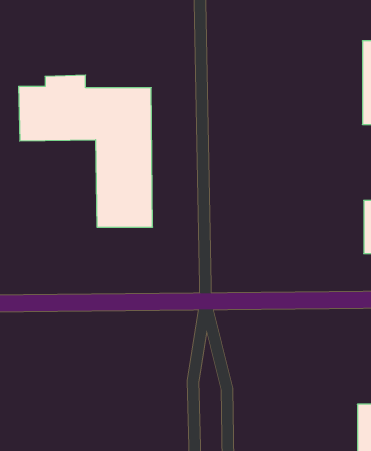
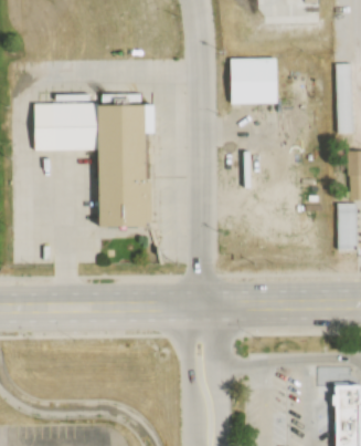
building: none -> [230,60,276,104]

